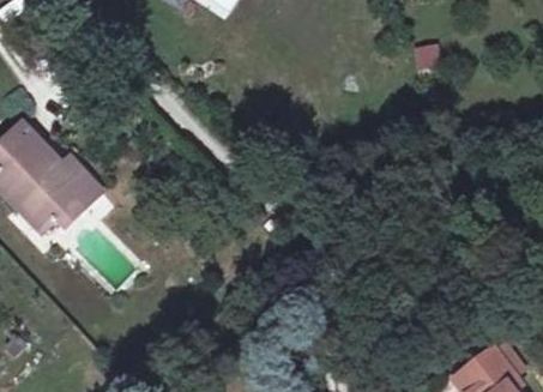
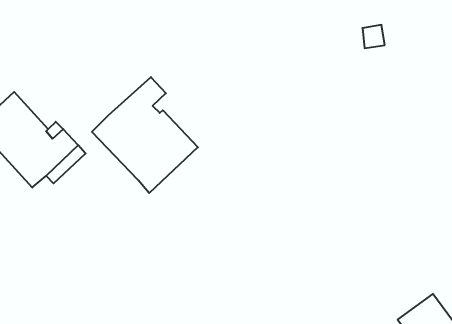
building: none -> [92,77,198,193]

